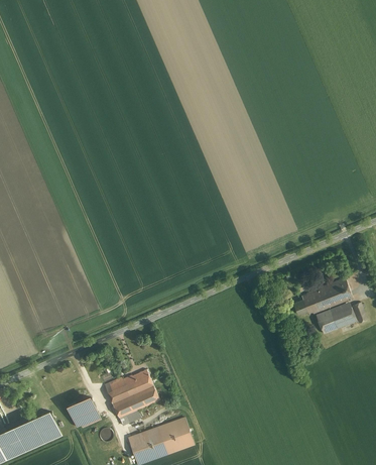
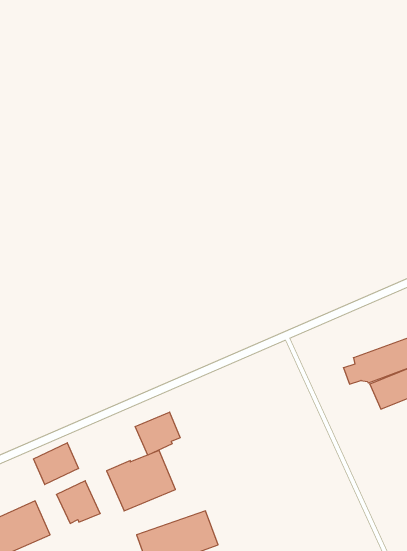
building: none -> [135,412,180,455]
building: none -> [33,443,78,485]

